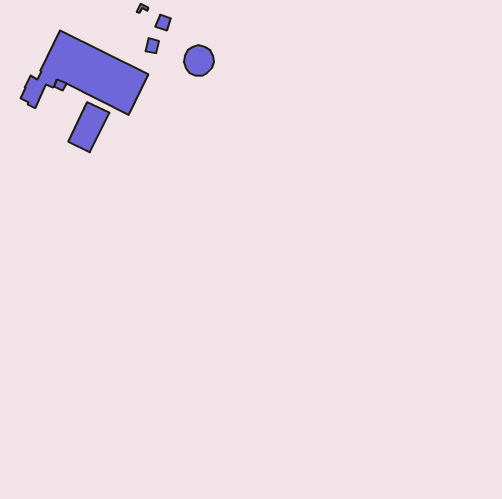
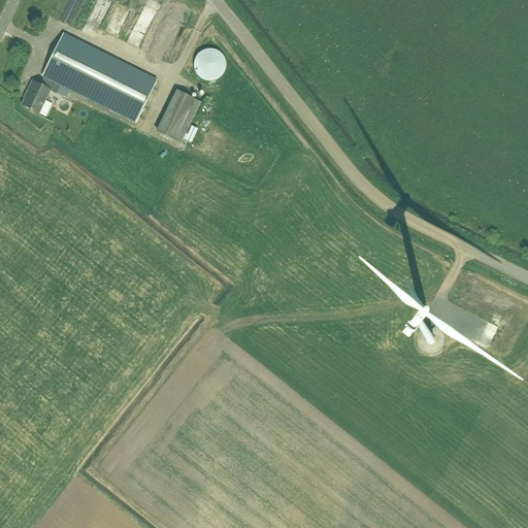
building: [68,102,110,152] -> [157,89,200,141]

